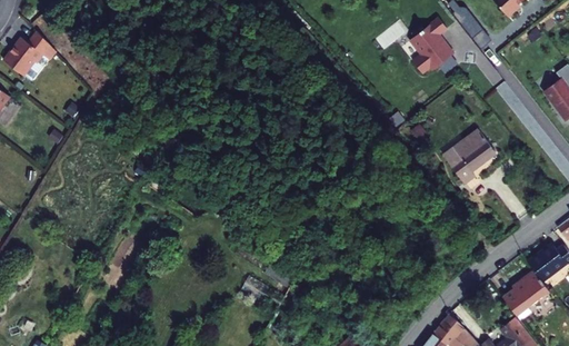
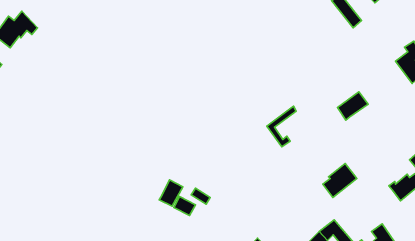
building: [409,22,456,77] -> none
building: [448,132,487,187] -> [267,106,296,147]
building: none -> [159,180,183,206]
building: [501,270,547,316] -> [323,163,357,198]

